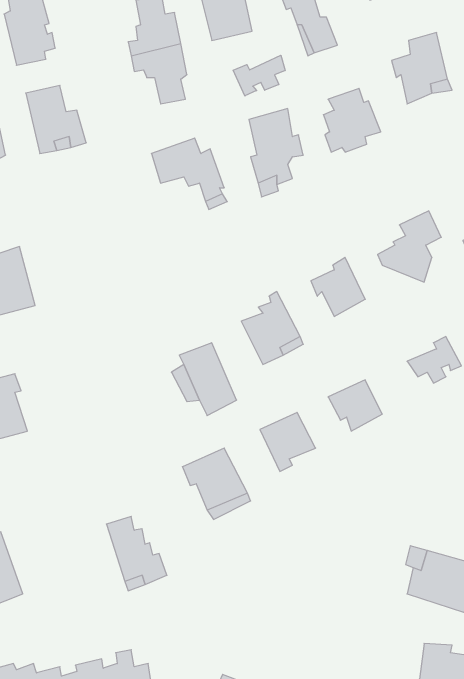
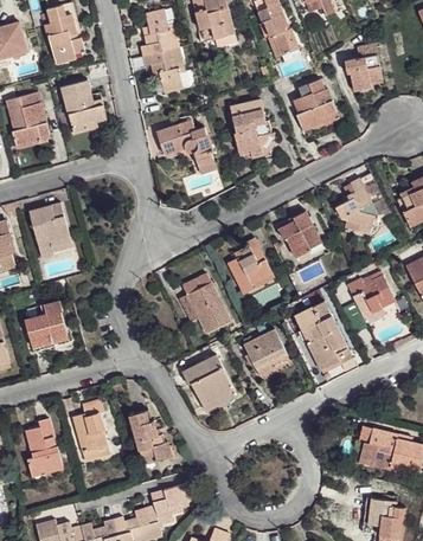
building: [233,55,285,96] -> none
building: none -> [308,329,346,371]
building: none -> [71,404,104,453]
building: none -> [143,482,187,522]

